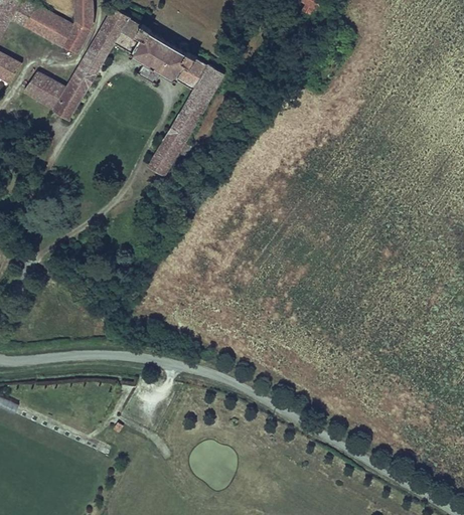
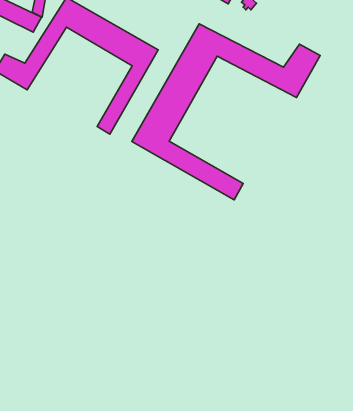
building: none -> [132,24,320,200]

